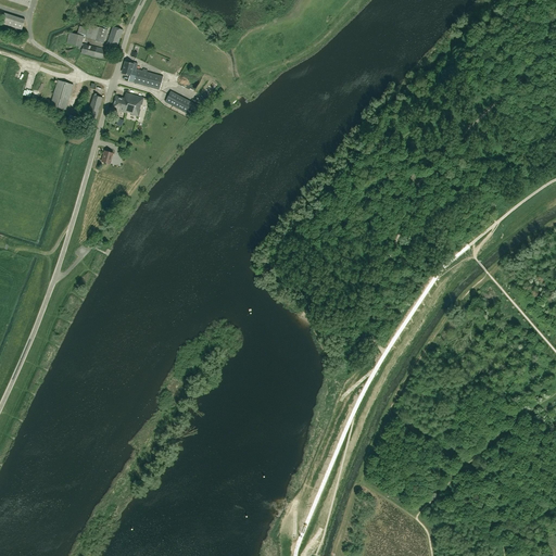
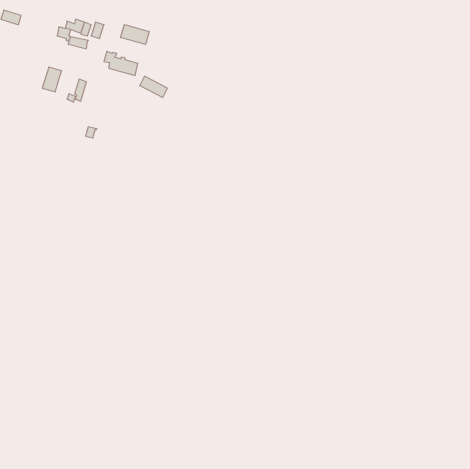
building: none -> [121,25,149,44]
building: [113,91,144,115] -> none

